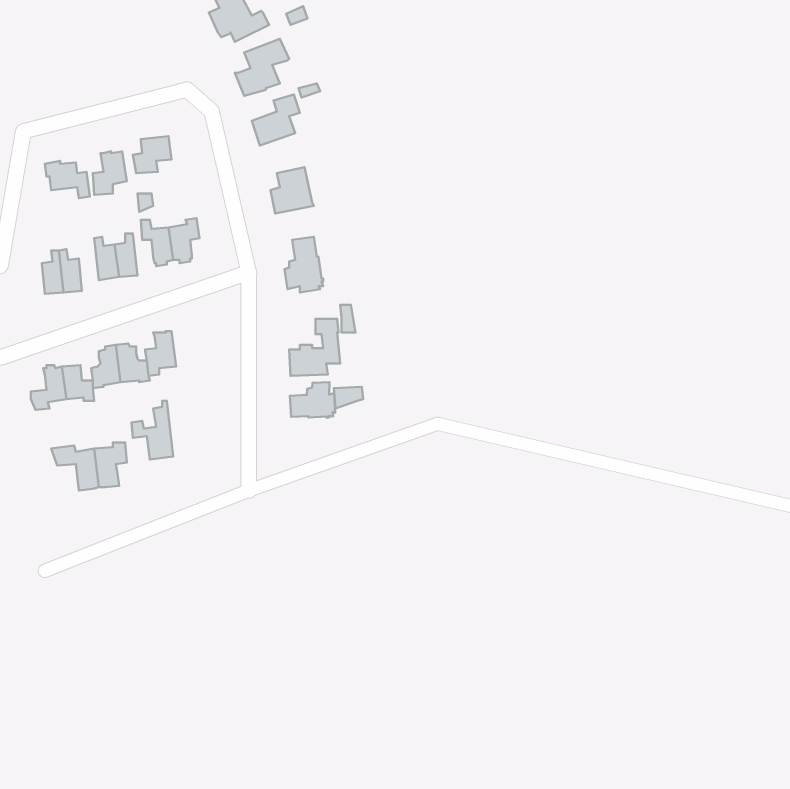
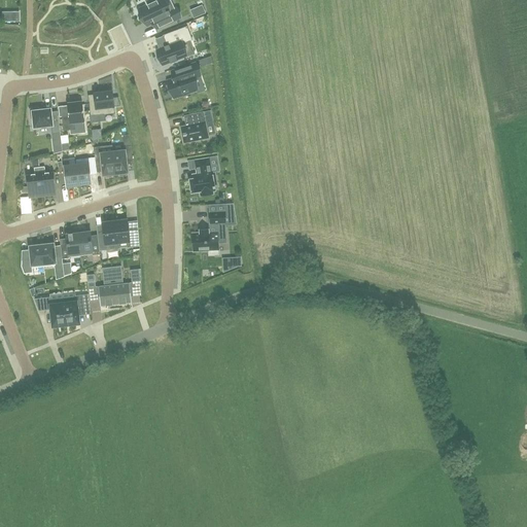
building: none -> [114,219,139,250]
building: [290,382,335,418] -> none
building: none -> [111,266,141,304]

